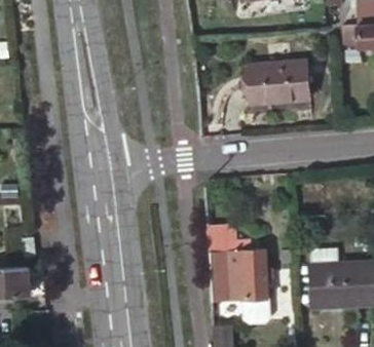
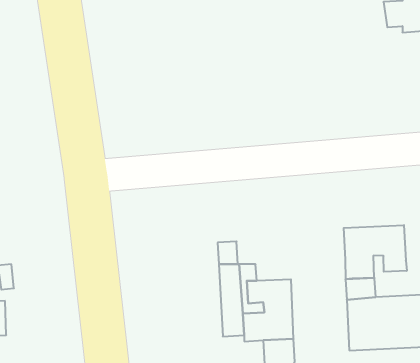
building: [252,59,312,104] -> none
building: none -> [344,225,407,279]

